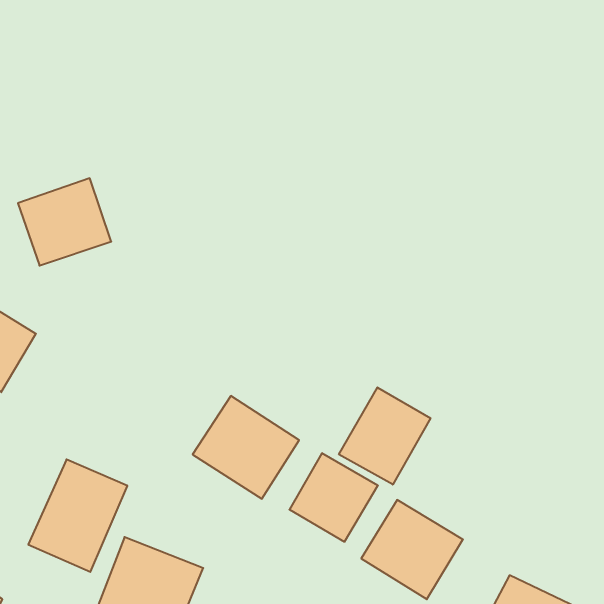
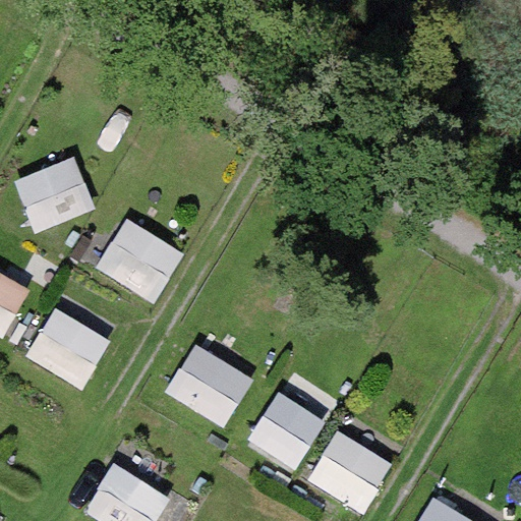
building: none -> [96,219,183,302]
building: [339,387,430,485] -> none
building: [28,459,127,572] -> [28,291,113,387]

